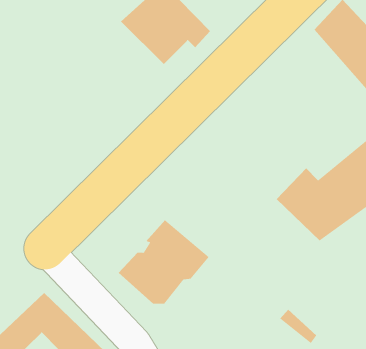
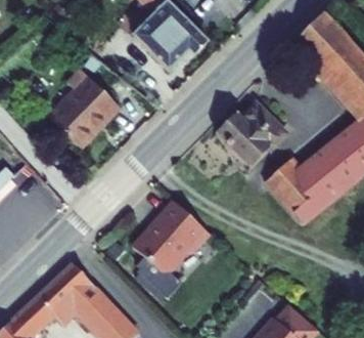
building: none -> [49,71,122,142]
building: none -> [214,109,283,172]

